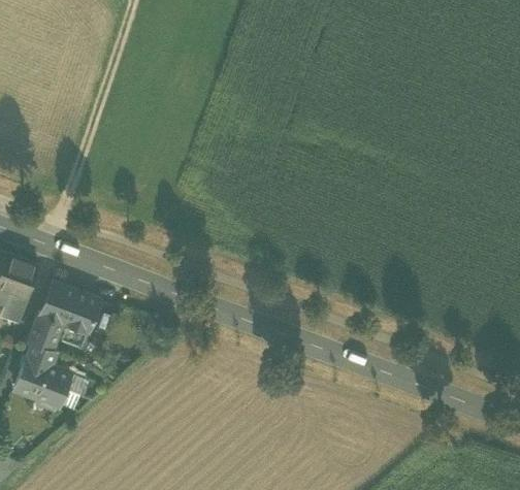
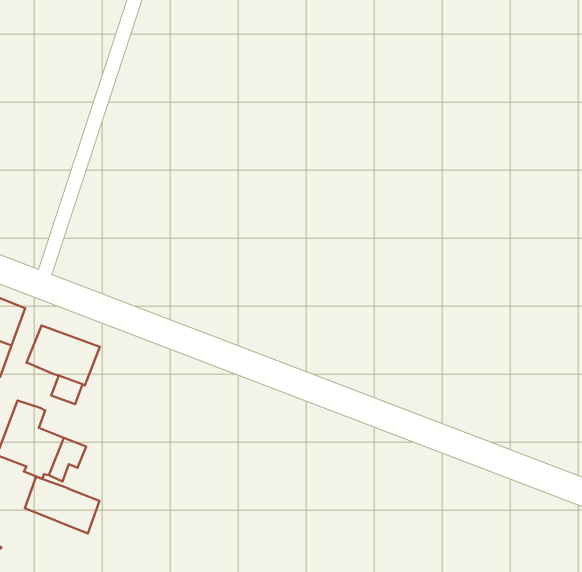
building: [28,313,62,350] -> none
building: none -> [25,476,100,533]

